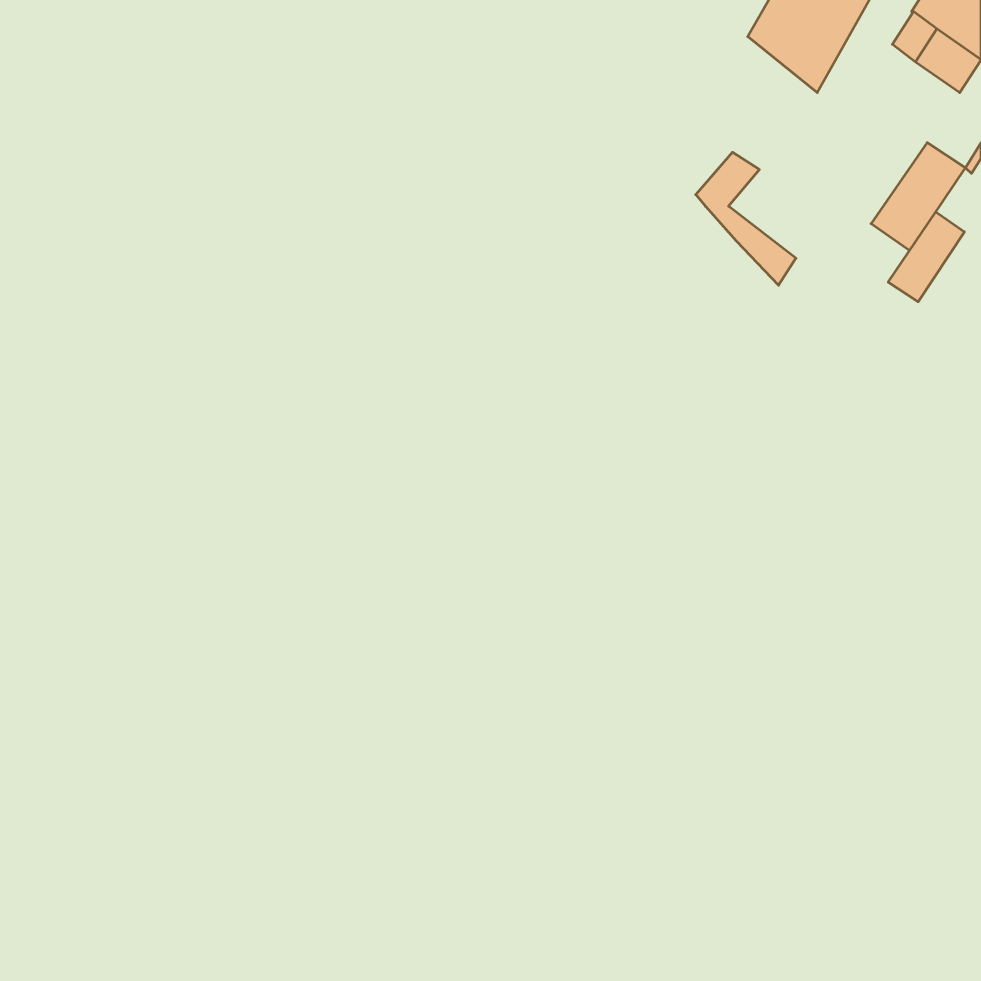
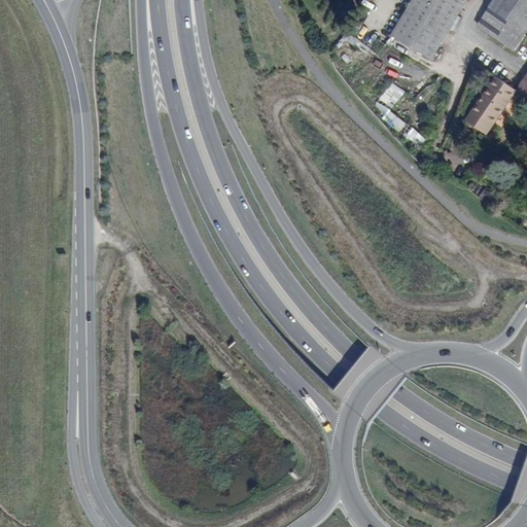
building: none -> [391,20,436,58]
building: [888,212,964,302] -> none

